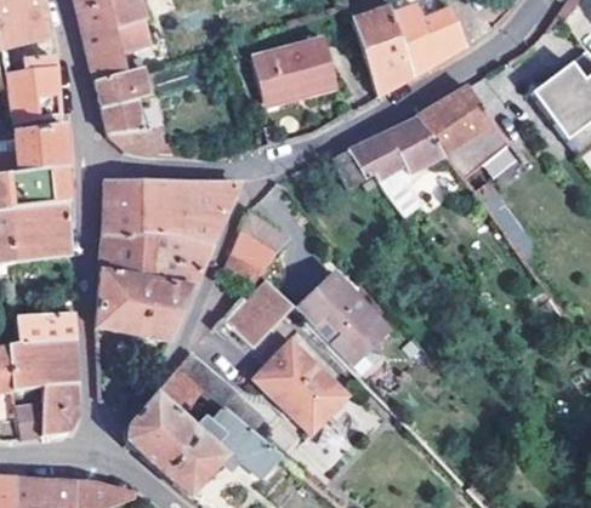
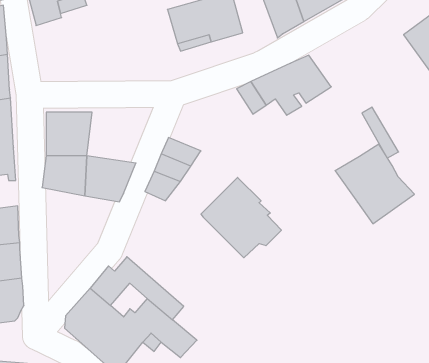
building: [93,69,155,158] -> none
building: [419,84,513,178] -> [335,144,414,224]
building: [154,183,240,244] -> none
building: [96,273,193,342] -> none
building: [222,280,292,347] -> none
building: [257,343,347,429] -> none

